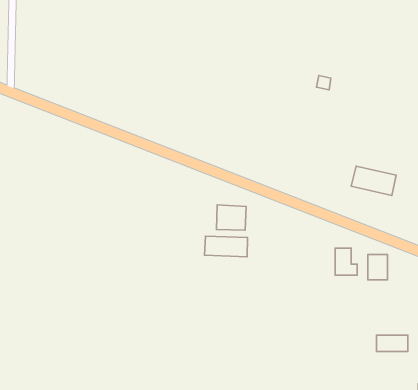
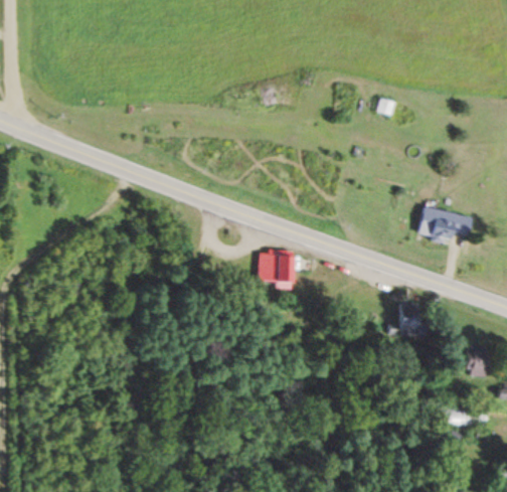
building: [204,236,247,257] -> none
building: [368,254,387,280] -> [467,346,490,376]

